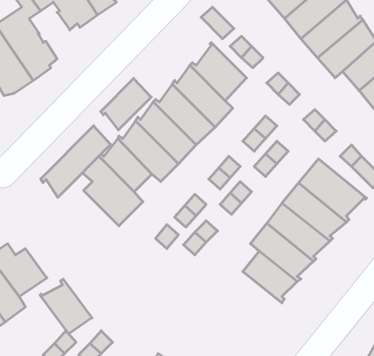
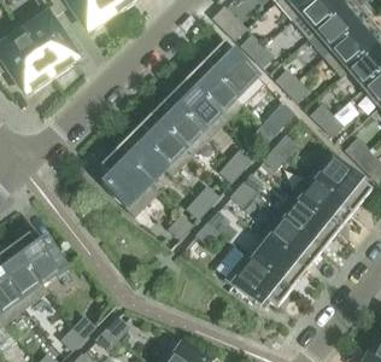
building: [101,78,151,130] -> none
building: [41,126,111,197] -> none
building: none -> [224,252,291,306]
building: [40,279,92,334] -> none

